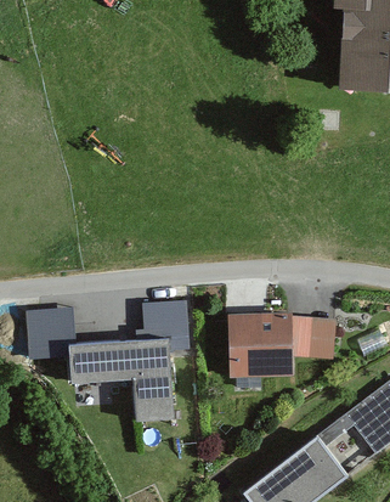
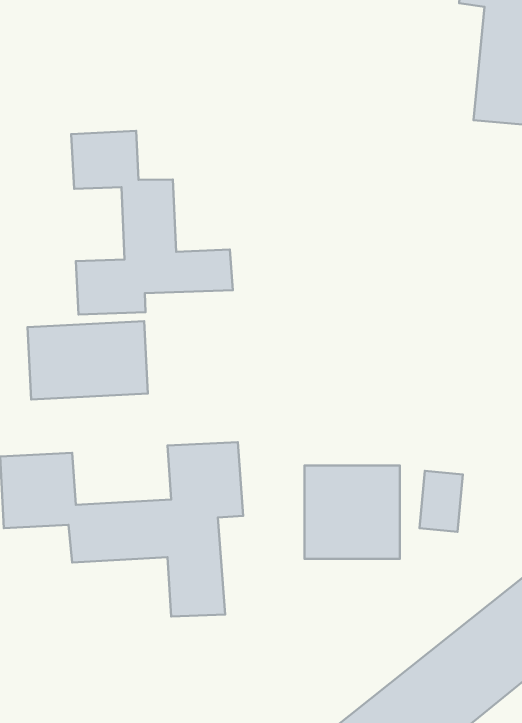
building: none -> [71,131,233,314]
building: none -> [27,321,148,399]

